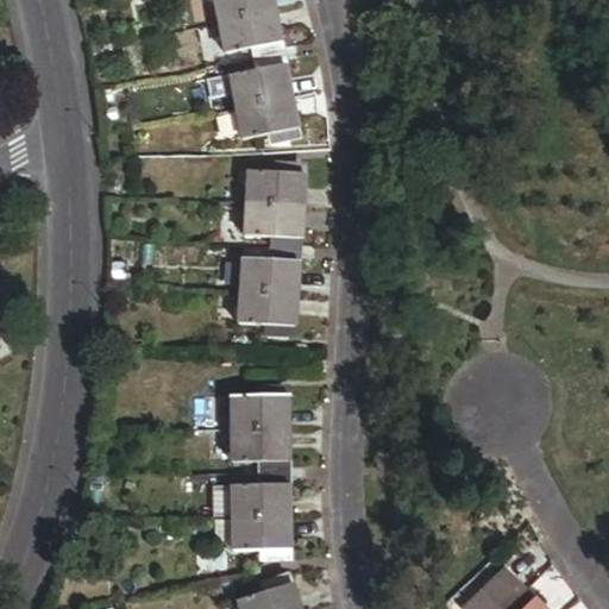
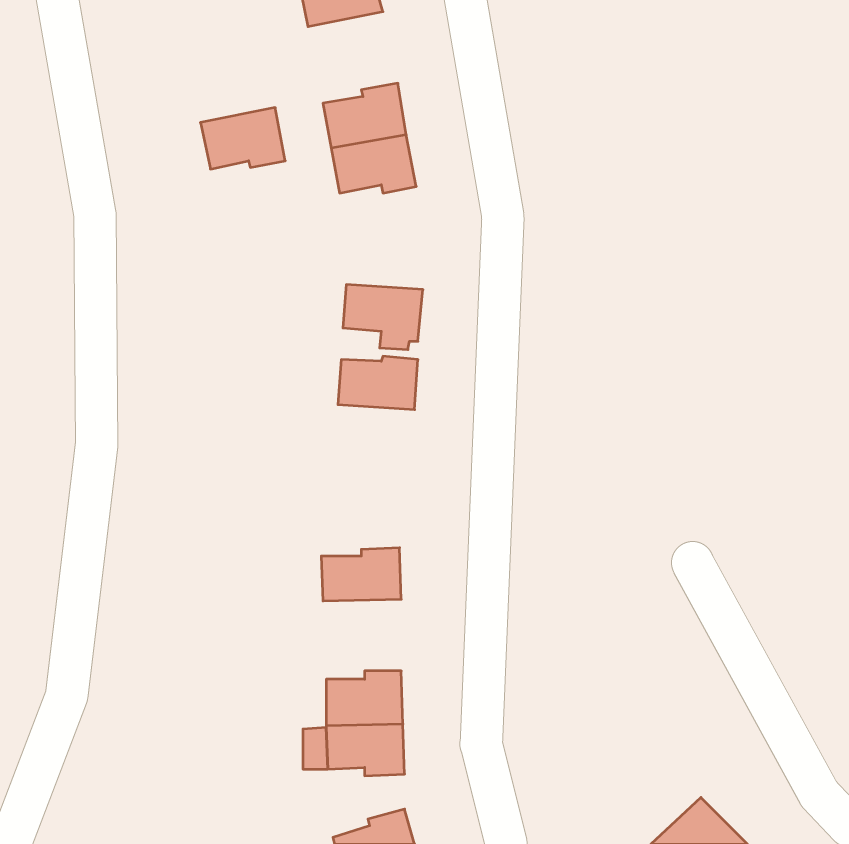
building: [220,8,281,52] -> [200,108,285,169]
building: [247,165,304,207] -> none
building: [239,289,296,332] -> none
building: [231,428,287,467] -> none

